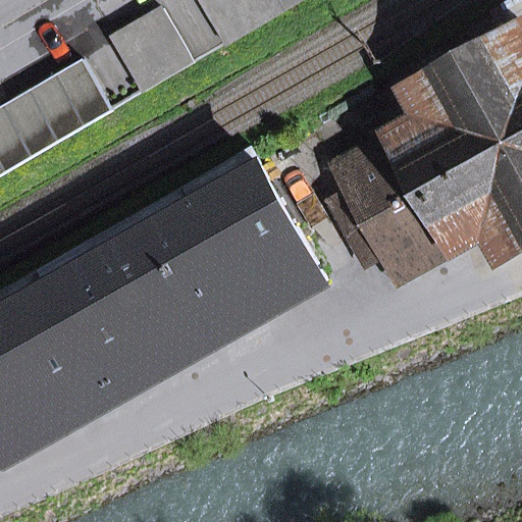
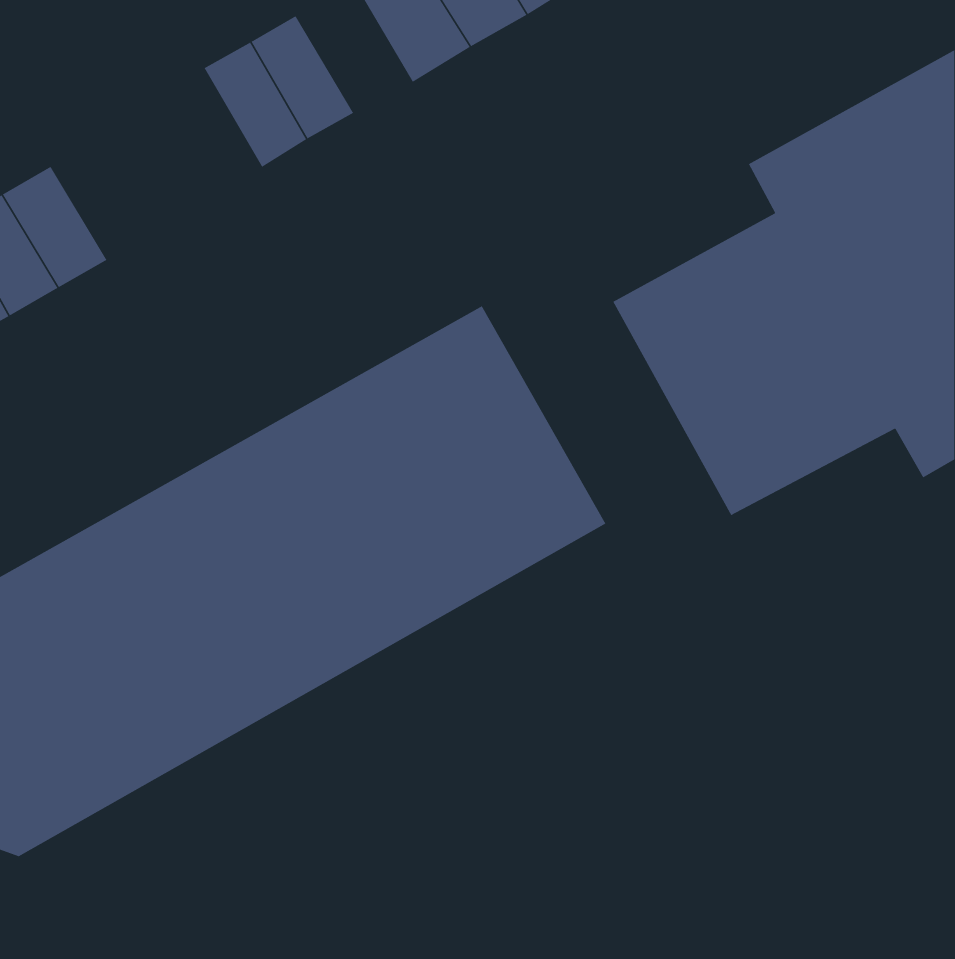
building: [28,59,111,141] -> none

